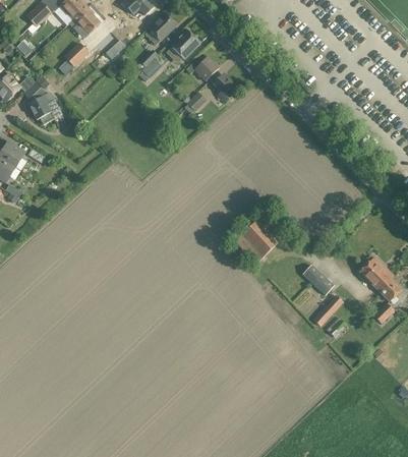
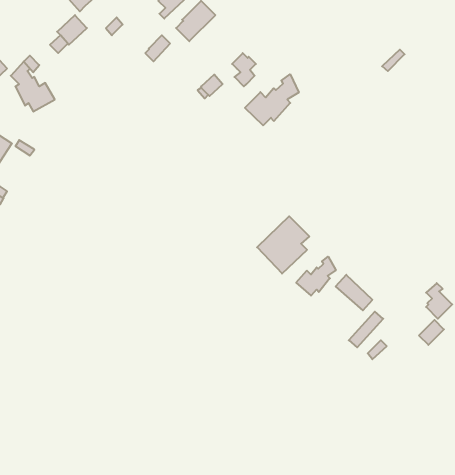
building: [185,56,219,80] -> none
building: none -> [245,74,299,125]
building: none -> [296,257,336,296]
building: [359,256,389,291] -> none

